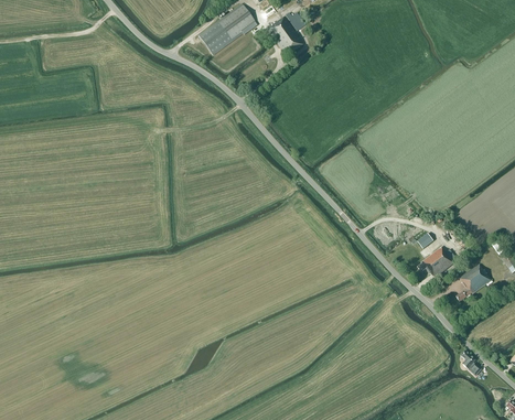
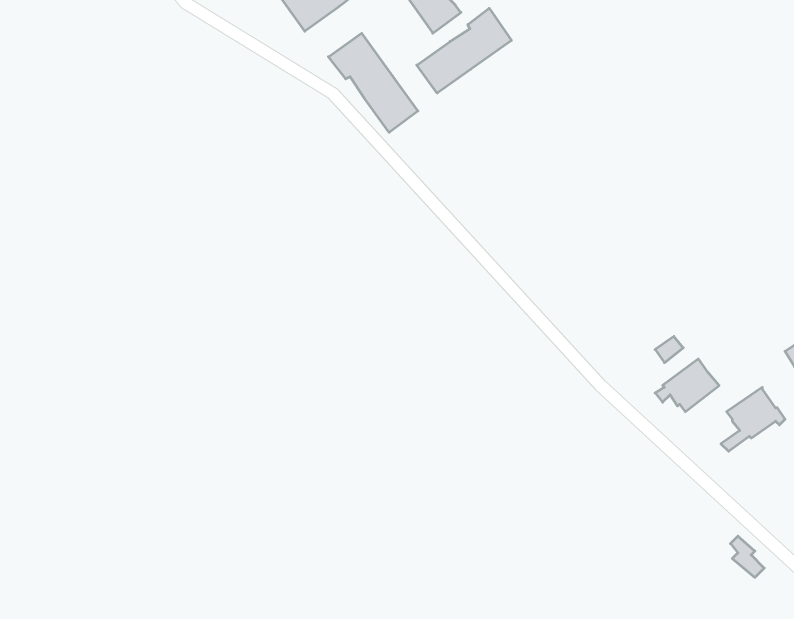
building: none -> [417,8,511,93]
building: none -> [328,33,418,132]

